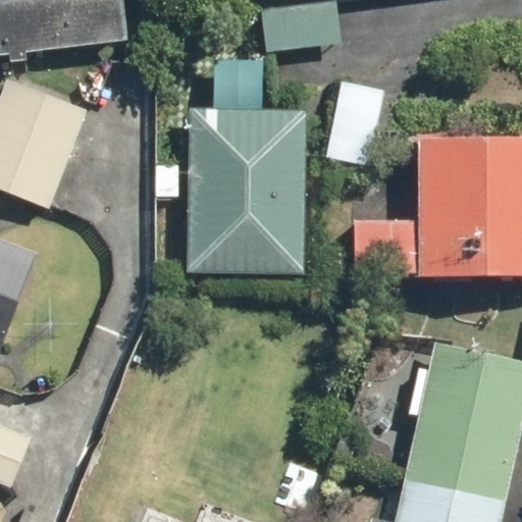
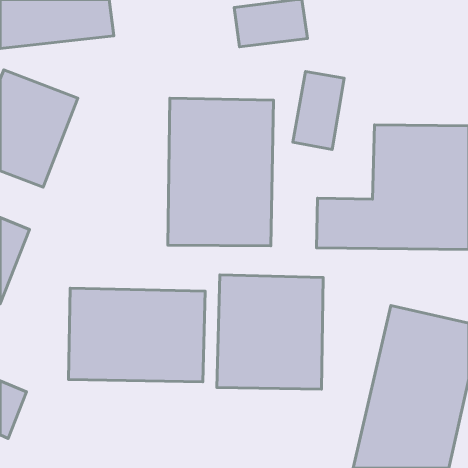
building: none -> [217,275,323,389]
building: none -> [69,288,205,382]

